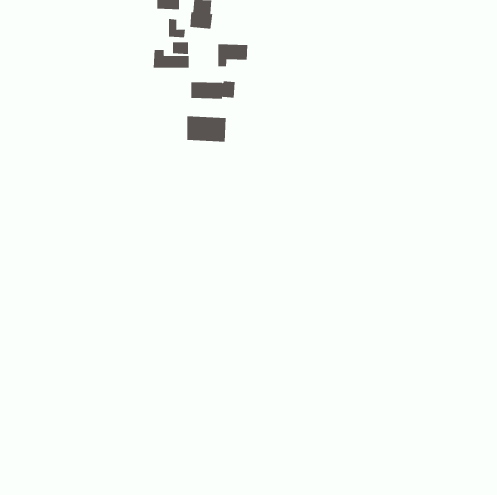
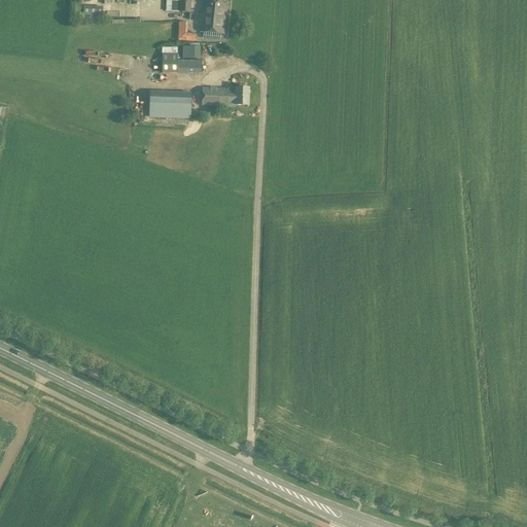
building: [218,44,248,67] -> none
building: [186,116,226,142] -> [149,90,191,117]

